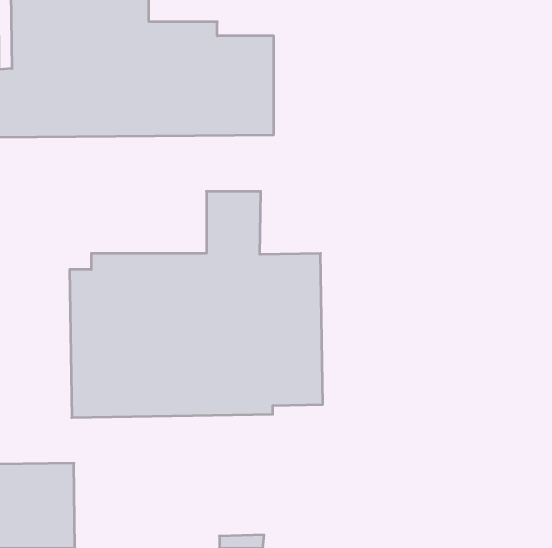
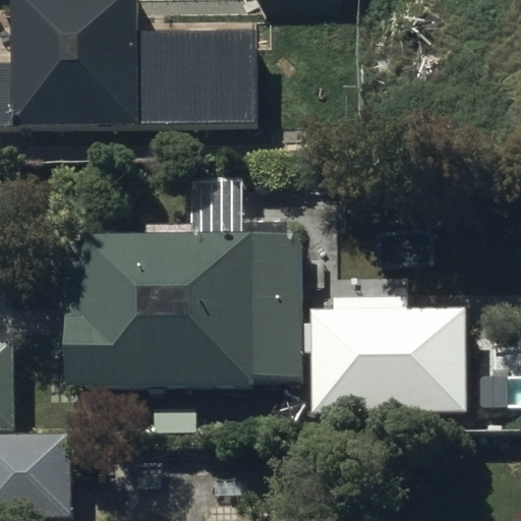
building: none -> [308,290,465,405]

